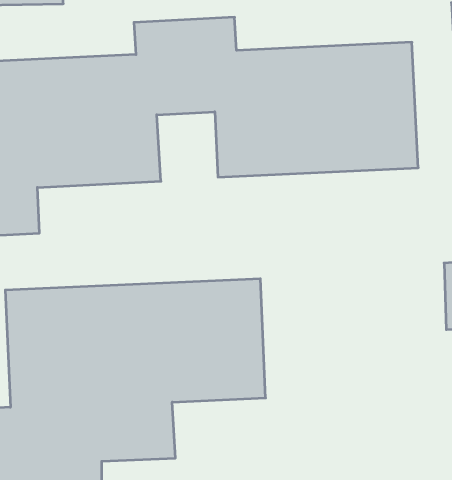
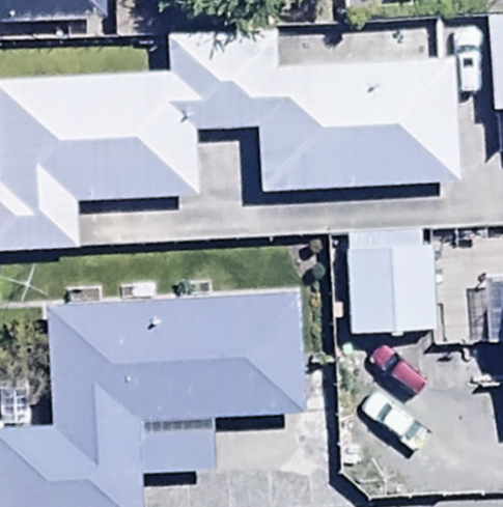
building: none -> [347,226,438,337]

